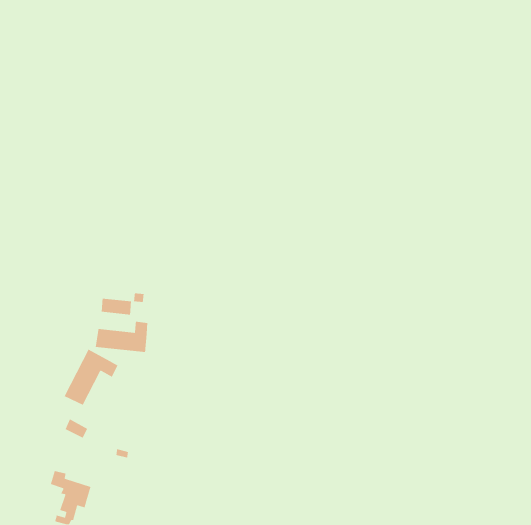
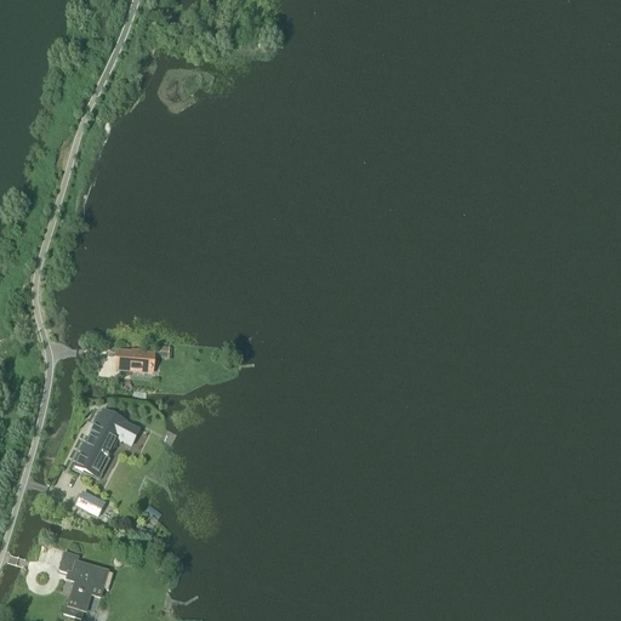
building: [95,321,148,353] -> none

